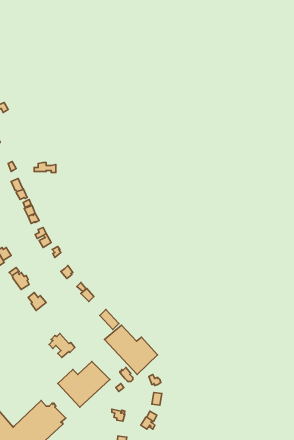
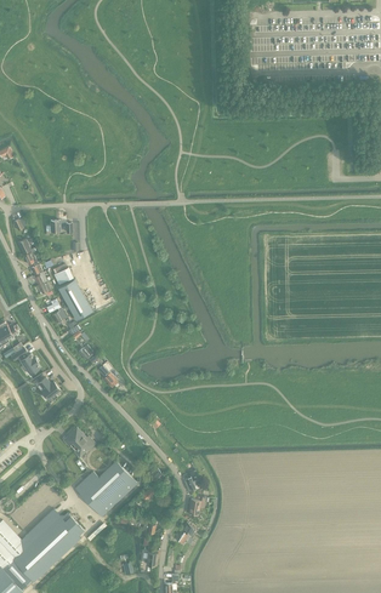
building: none -> [58,278,91,319]
building: [105,325,158,374] -> none

